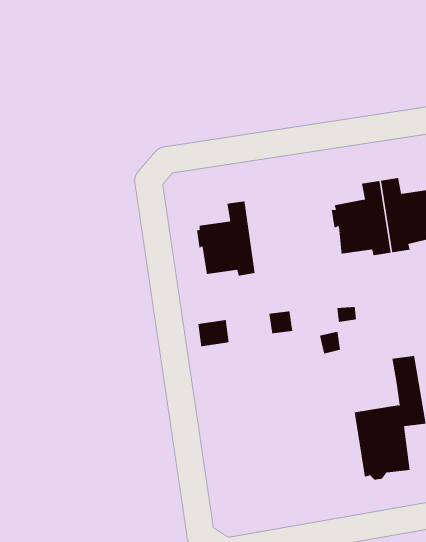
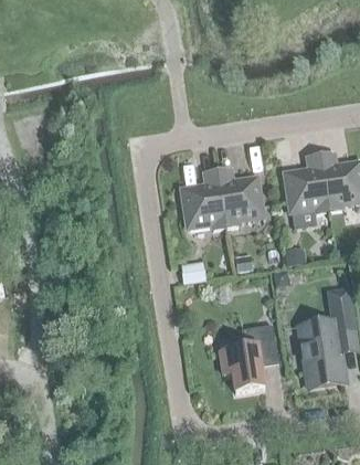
building: none -> [218,169,262,226]
building: none -> [220,325,277,392]

